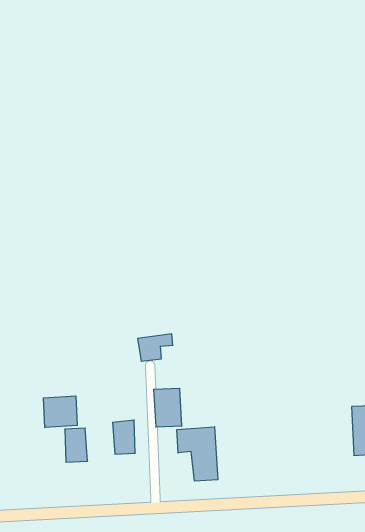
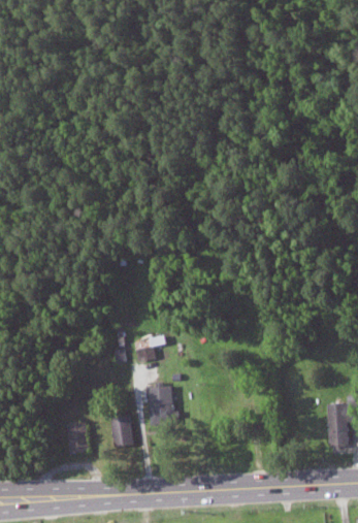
building: [43,396,77,428] -> none
building: [177,427,218,481] -> none

